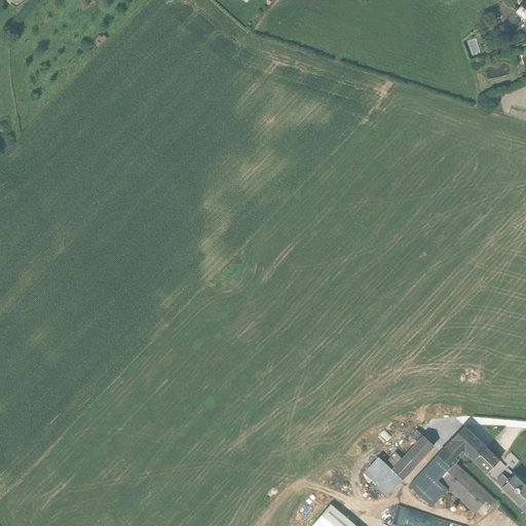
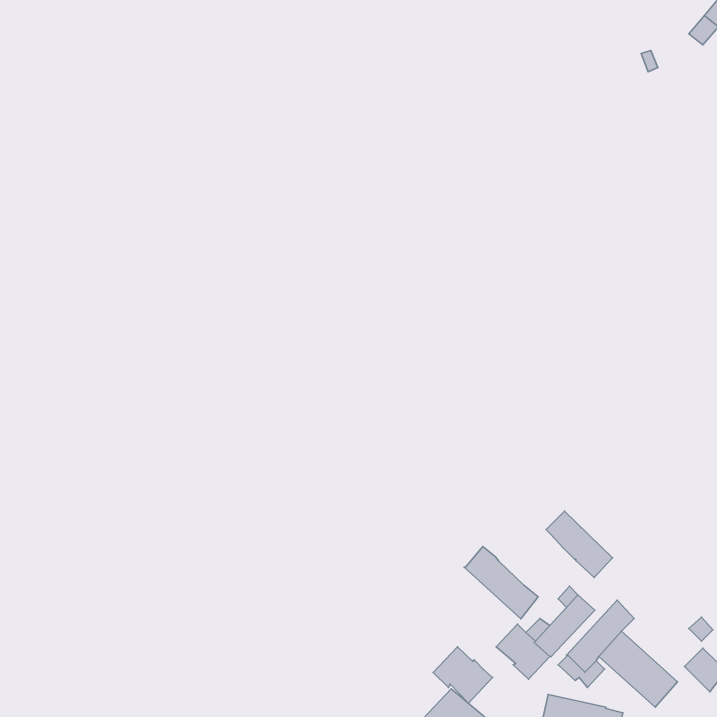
building: none -> [464,547,538,619]
building: [452,426,500,475] -> [546,511,612,577]
building: none -> [433,647,493,703]

